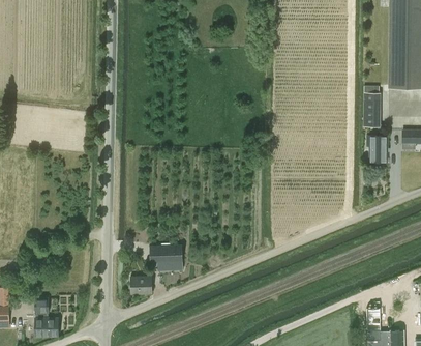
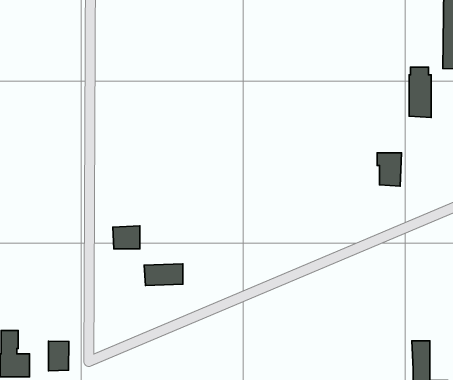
building: [367,135,387,162] -> [377,153,401,186]
building: [129,275,151,293] -> [113,226,140,249]
building: none -> [49,341,69,371]

